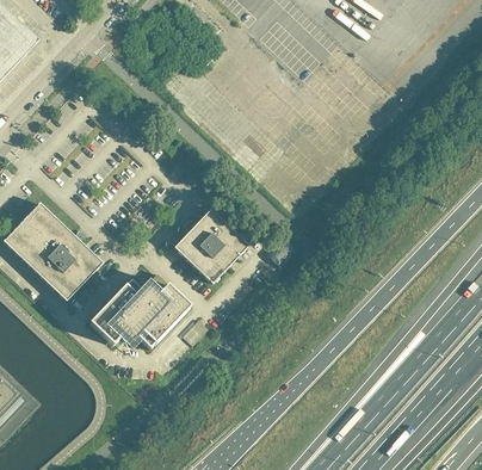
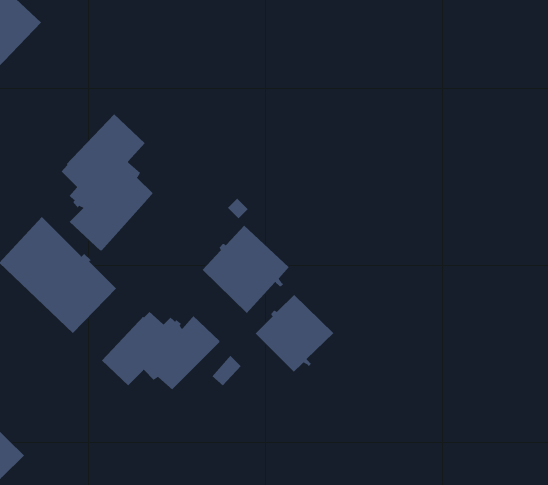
building: none -> [61,114,153,251]
building: none -> [255,294,334,372]

